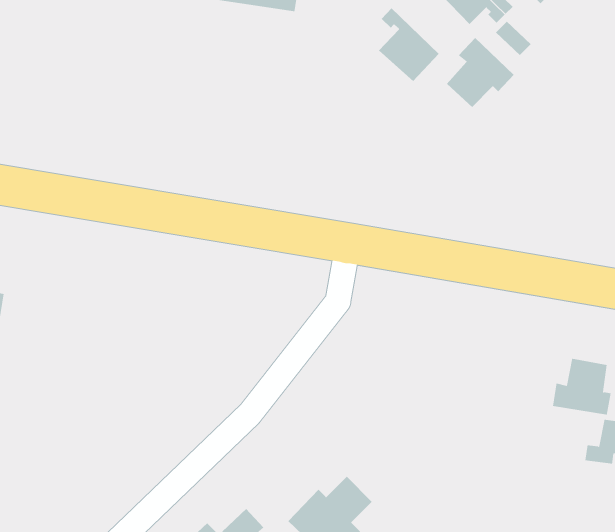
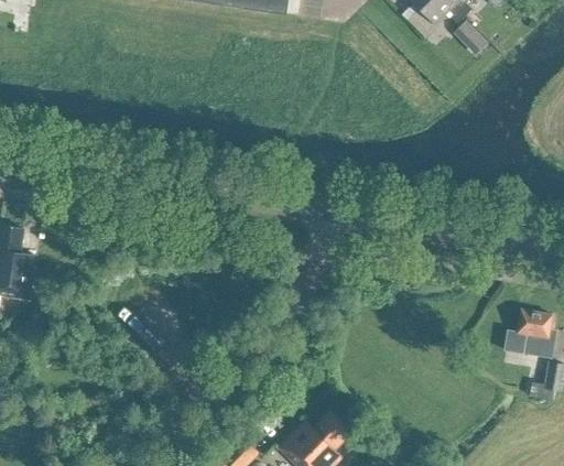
building: [378,7,439,82] -> none
building: [446,37,515,108] -> none

